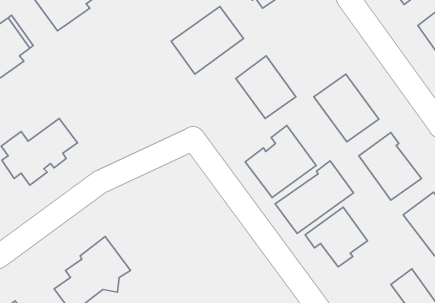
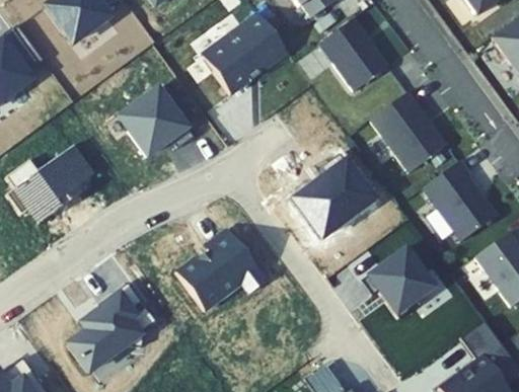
building: [236,56,296,118] -> [318,17,388,90]
building: none -> [118,87,193,156]
building: [275,161,353,234] -> none
building: none -> [175,232,266,310]

